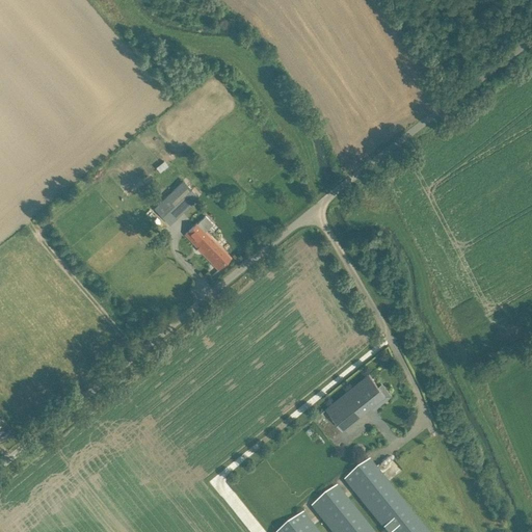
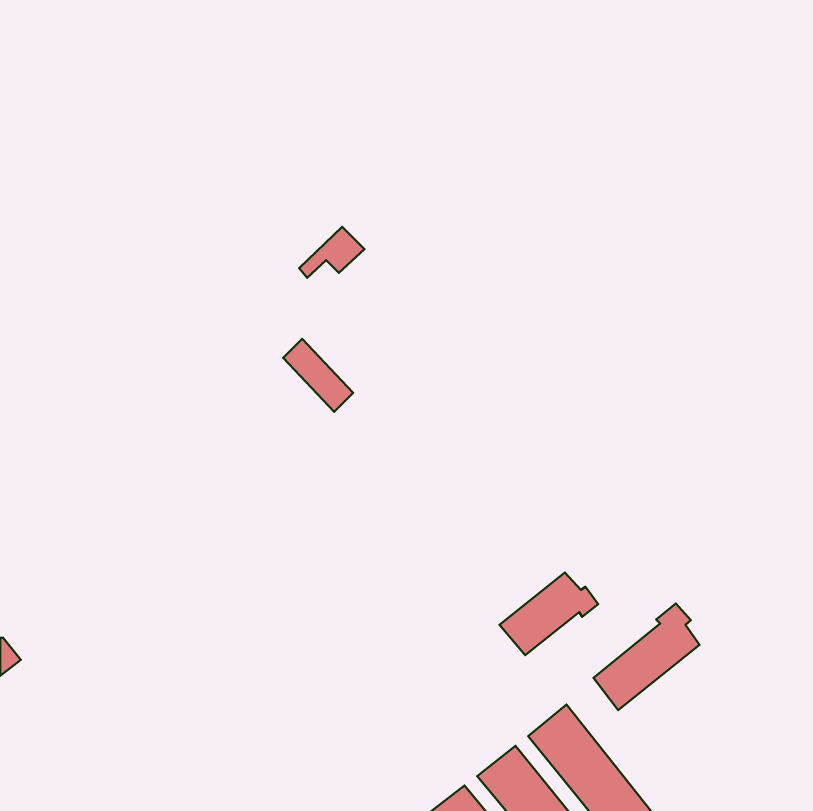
building: [155,181,197,214] -> [299,227,364,278]
building: none -> [593,604,699,710]

